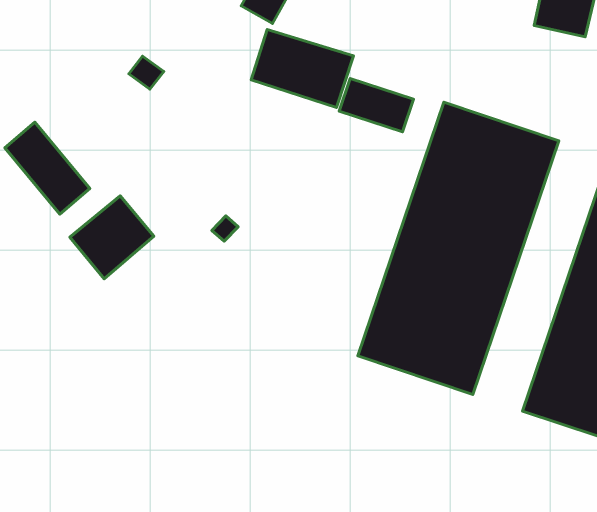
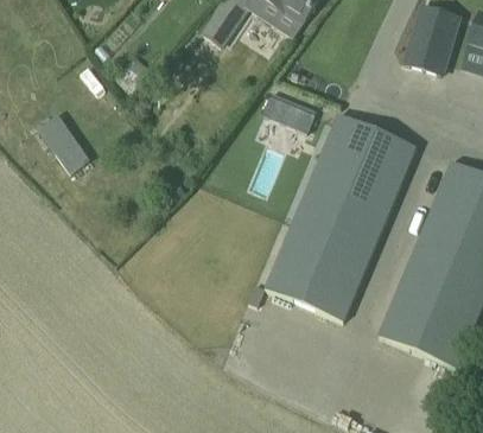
building: [251,29,353,108] -> none
building: [70,196,154,279] -> none

